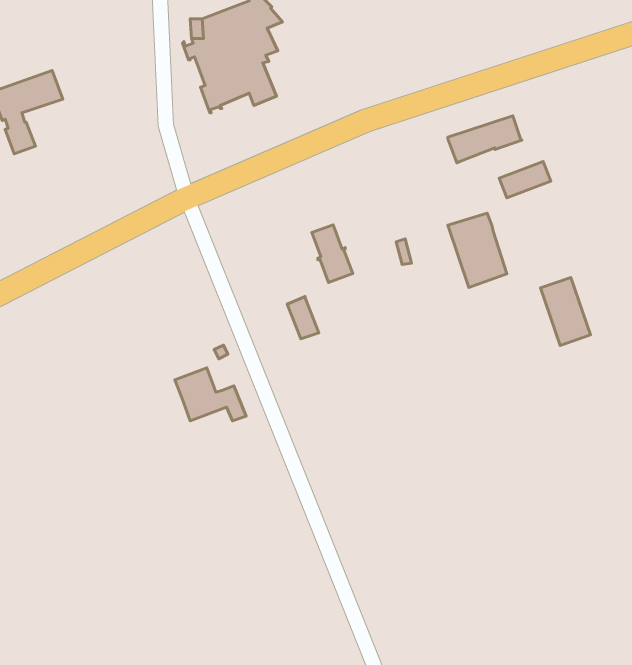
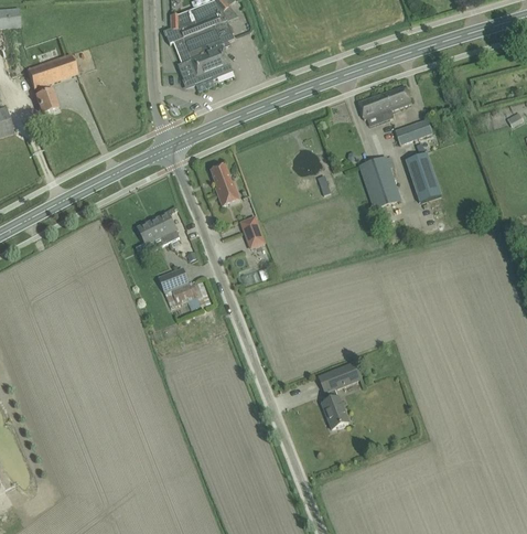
building: [312,225,353,282] -> [209,163,239,205]
building: [541,277,591,346] -> [405,152,441,202]
building: none -> [138,213,179,250]
building: none -> [319,362,359,428]

